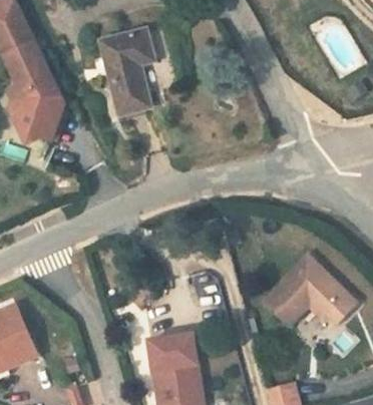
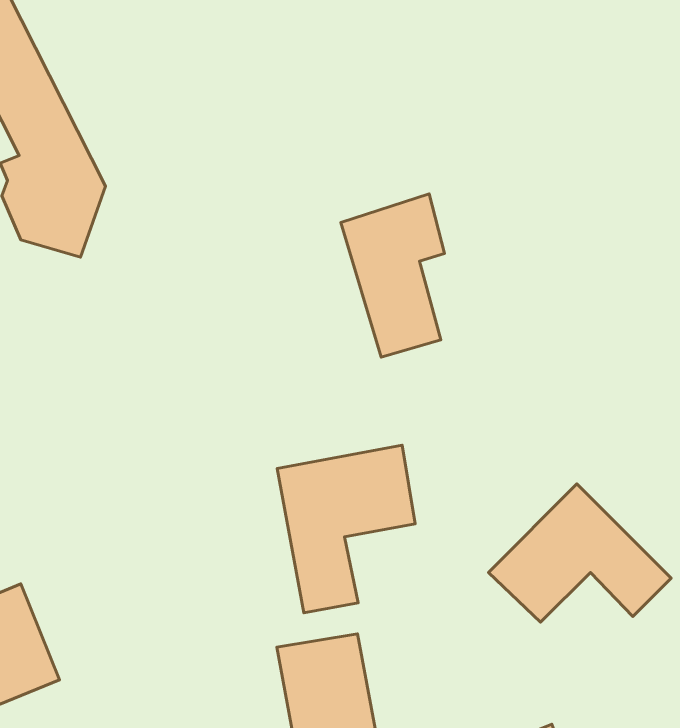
building: [99,28,153,113] -> [341,194,445,357]
building: none -> [277,445,415,613]

